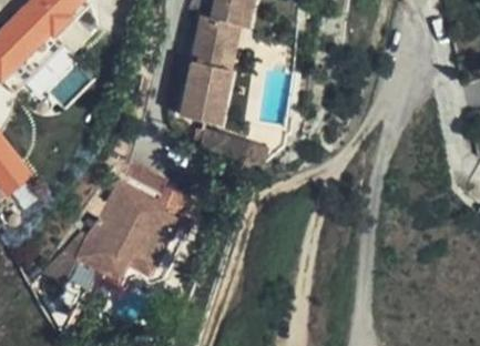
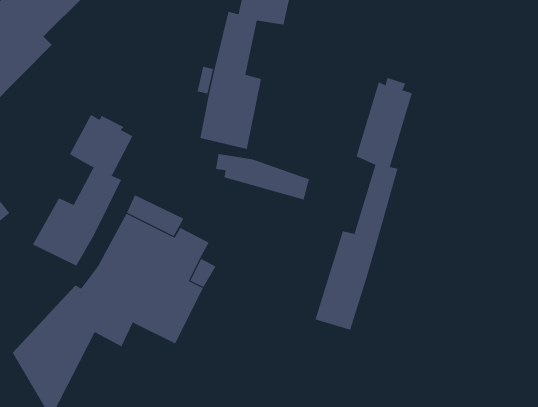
building: none -> [315,77,412,330]
building: none -> [32,114,133,267]

